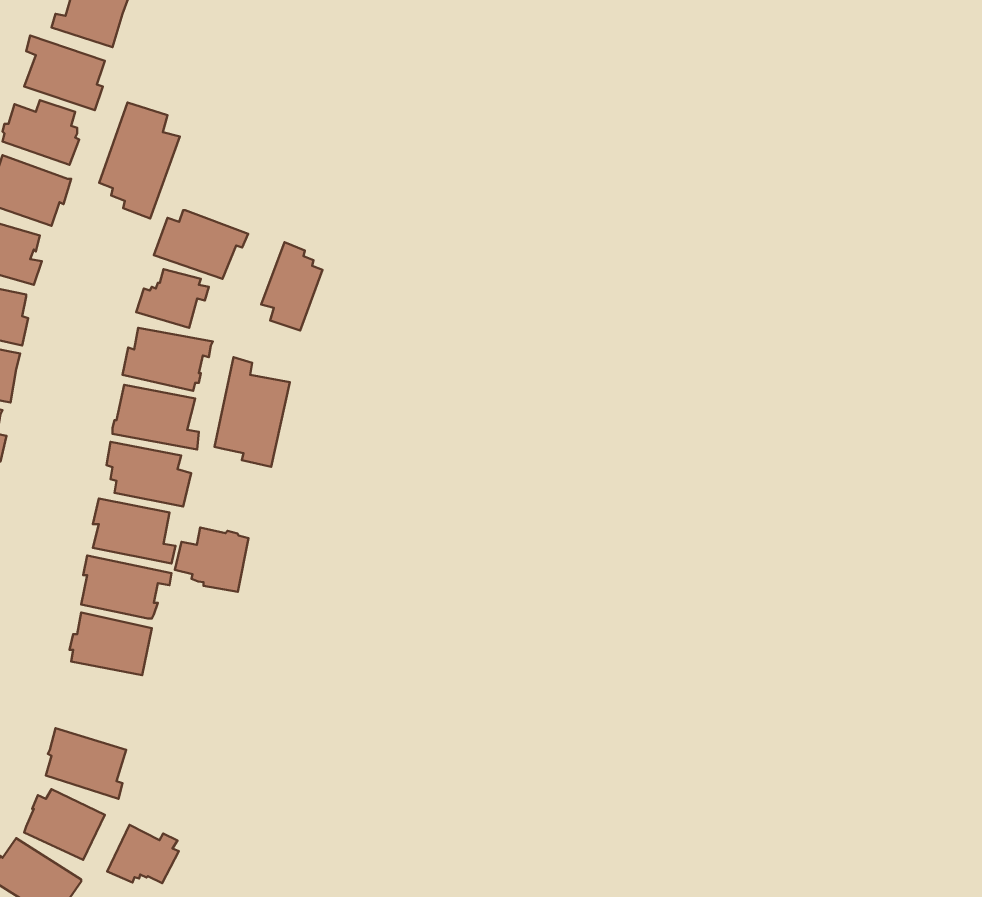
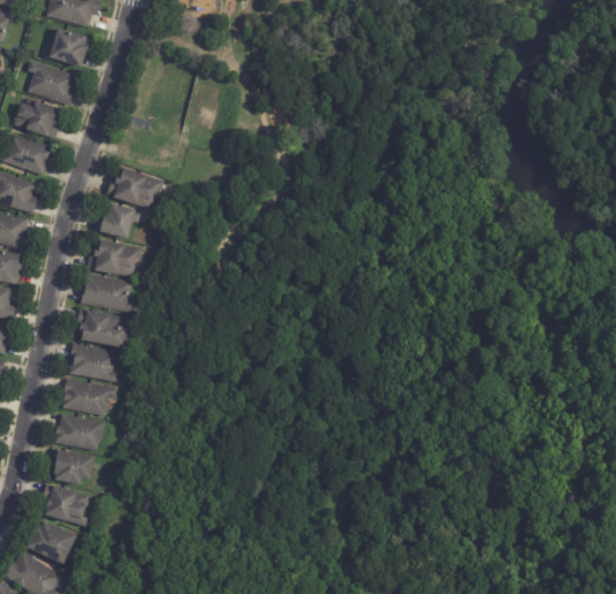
building: [99,103,180,219] -> none
building: [261,242,322,330] -> none
building: [214,357,290,467] -> none
building: [175,527,248,592] -> none
building: none -> [47,447,95,485]
building: [107,825,179,883] -> none

